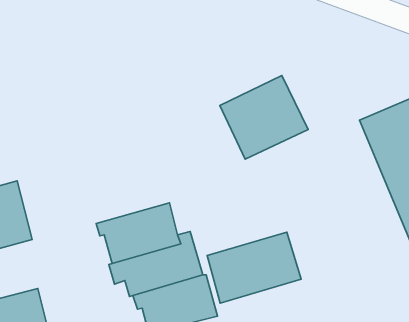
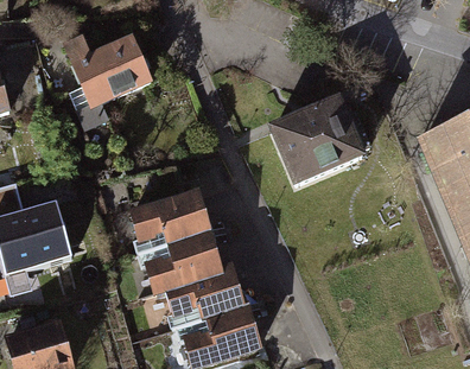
building: none -> [64,27,154,107]
building: none -> [134,180,217,246]
building: [207,232,301,303] -> none

